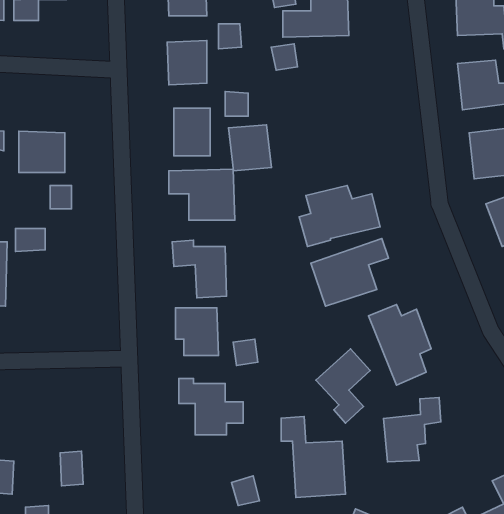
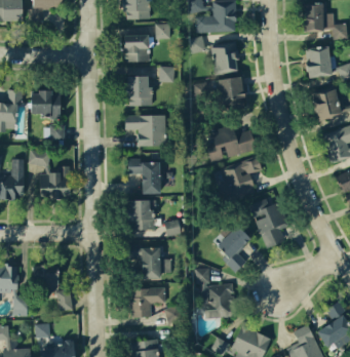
building: none -> [209,41,238,74]
building: [229,125,271,171] -> [218,77,244,106]
building: none -> [39,166,69,198]
building: [384,398,441,462] -> none
building: none -> [33,265,57,291]
building: none -> [129,287,164,317]

